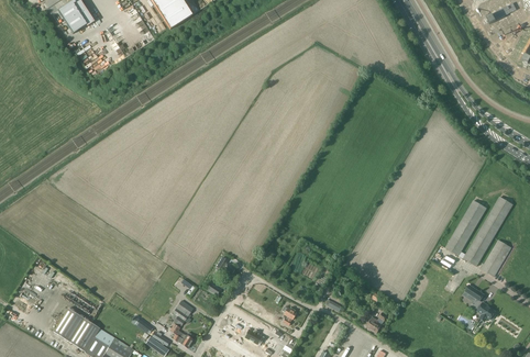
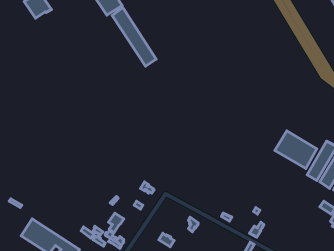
building: none -> [112,8,156,66]
building: none -> [275,131,317,168]

